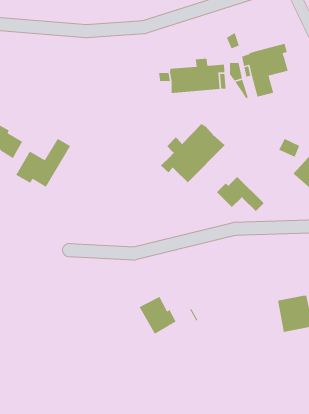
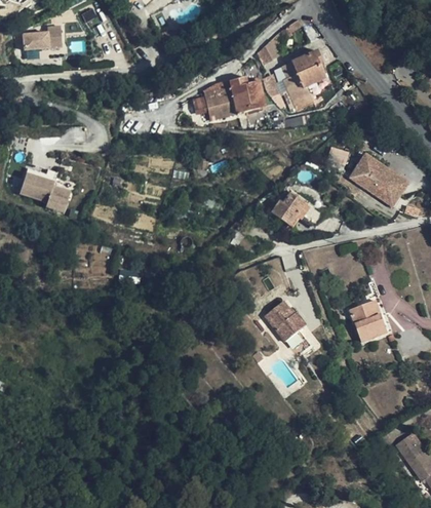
building: [160,123,225,183] -> none
building: [15,138,71,188] -> none
building: [139,296,177,335] -> [265,301,306,341]

